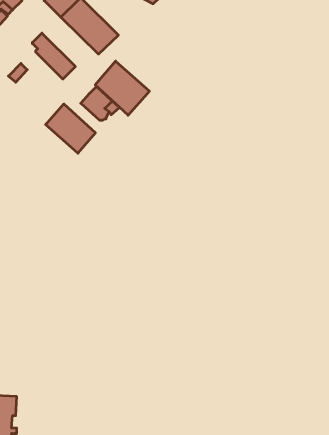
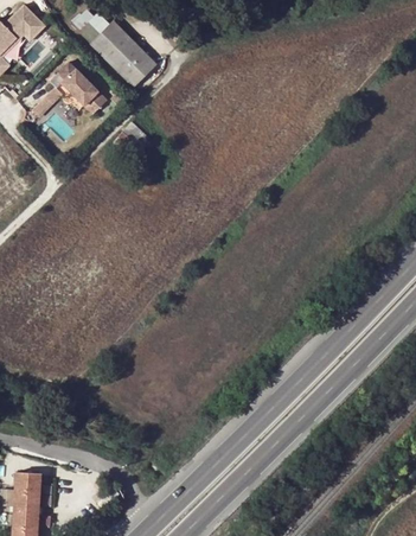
building: [95,61,149,115] -> none
building: [46,104,95,153] -> none

